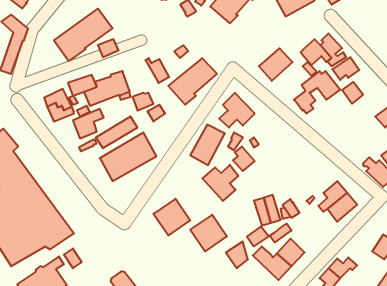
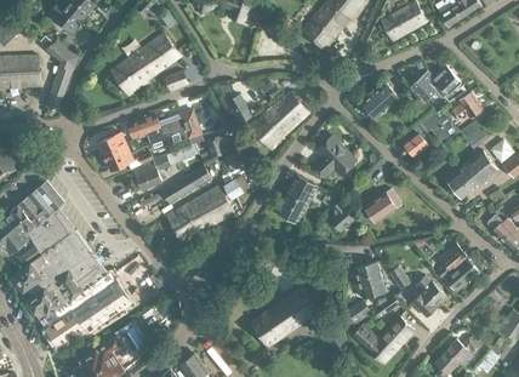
building: none -> [445,150,497,200]
building: none -> [363,189,401,223]
building: [202,165,238,201] -> none
building: [153,199,190,236] -> [249,303,293,348]
building: none -> [410,275,446,318]

